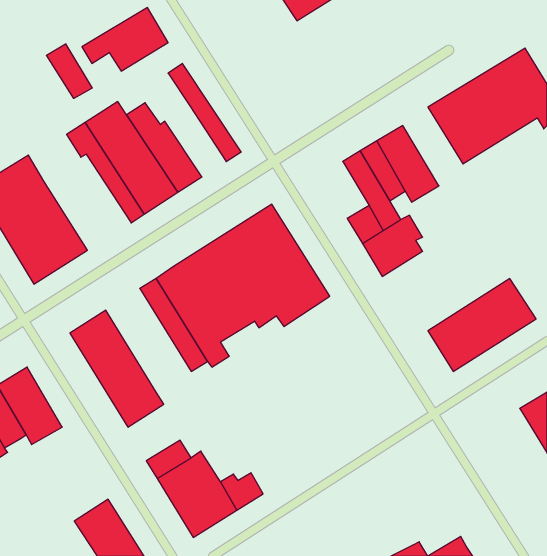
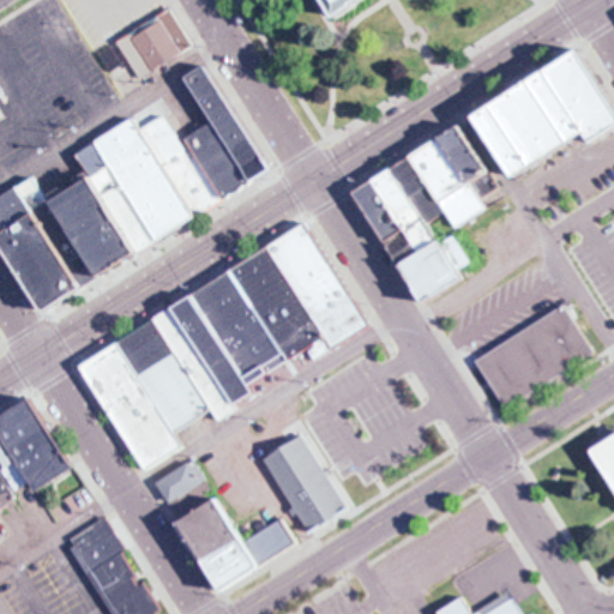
building: [46,44,92,98] -> none
building: none -> [181,116,248,194]
building: none -> [443,126,494,204]
building: none -> [48,169,144,275]
building: none -> [351,177,405,240]
building: none -> [116,317,210,431]
building: none -> [257,434,342,532]
building: none -> [148,463,198,506]
building: none -> [62,519,119,572]

